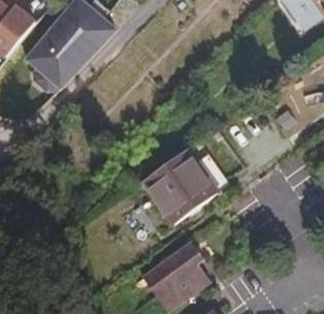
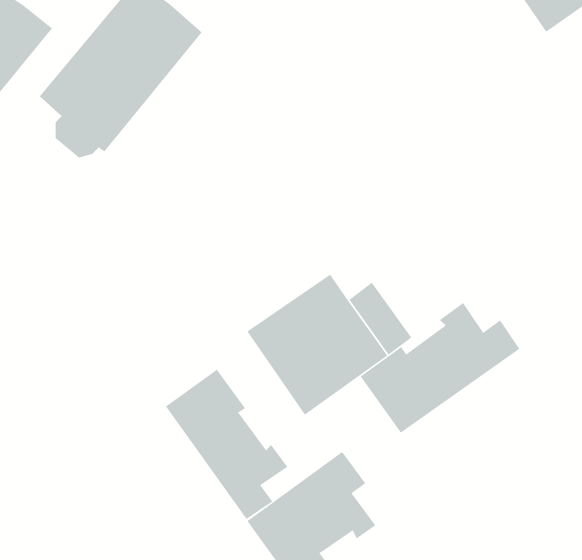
building: none -> [360,302,520,433]
building: none -> [165,369,288,520]

